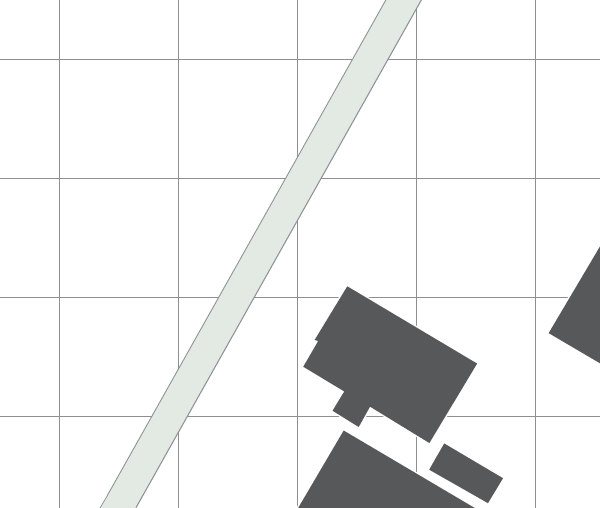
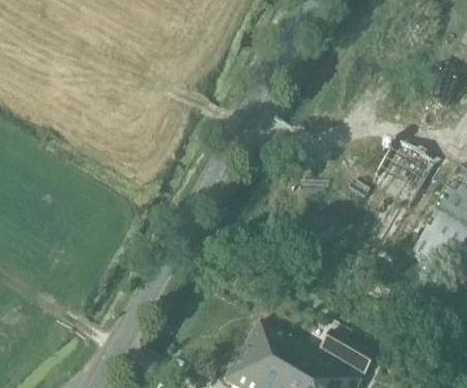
building: [302,285,478,444] -> none

